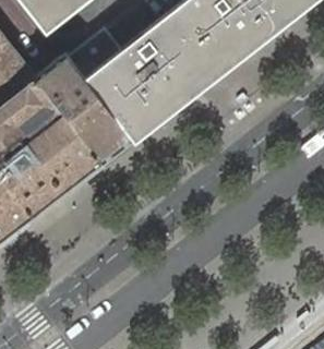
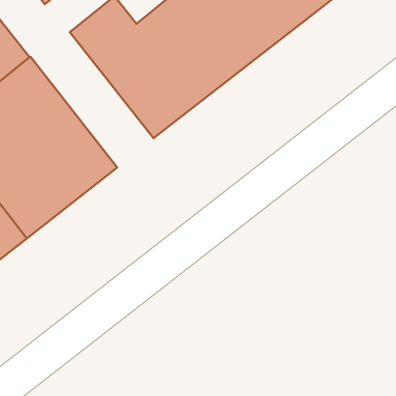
building: [36,53,132,163] -> none

